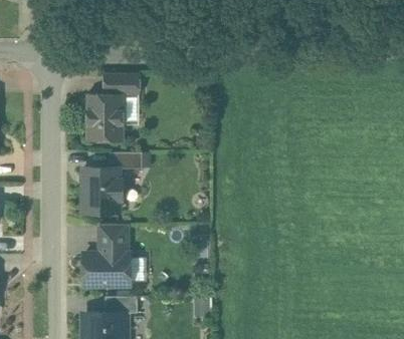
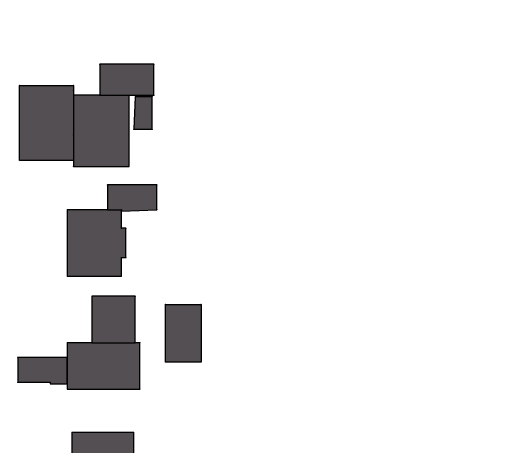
building: none -> [20,85,73,160]
building: none -> [165,304,201,362]
building: [105,297,137,314] -> [18,357,67,384]

